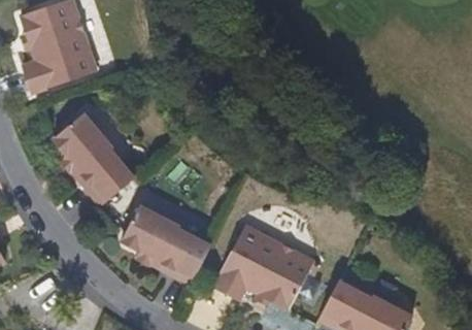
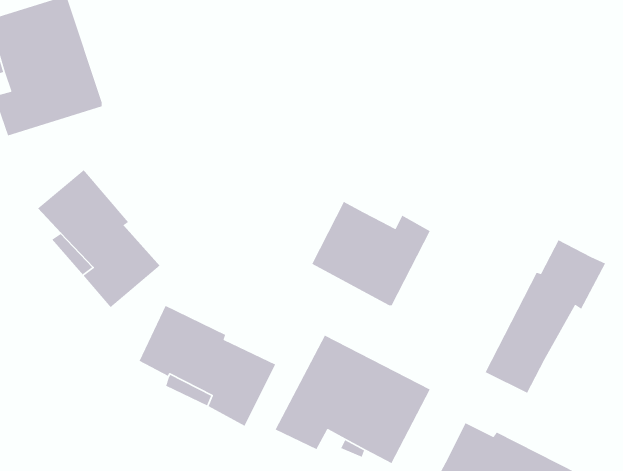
building: none -> [311,201,431,306]
building: none -> [485,239,606,394]

